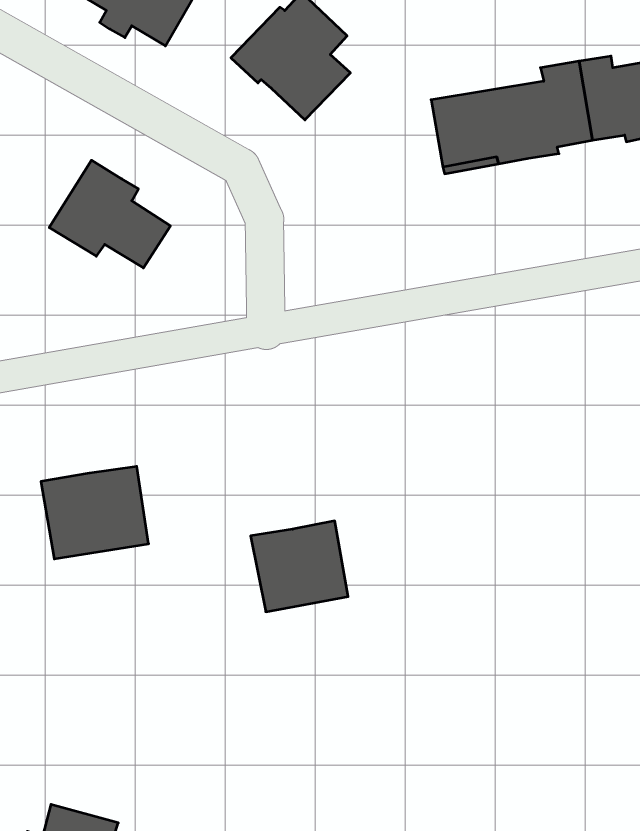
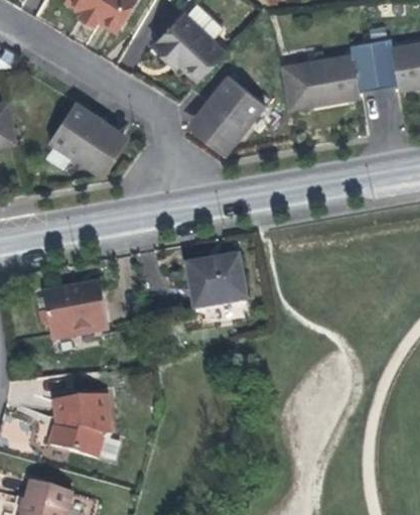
building: none -> [193,77,264,147]
building: [251,521,348,612] -> [188,257,247,311]
building: none -> [46,394,105,463]

